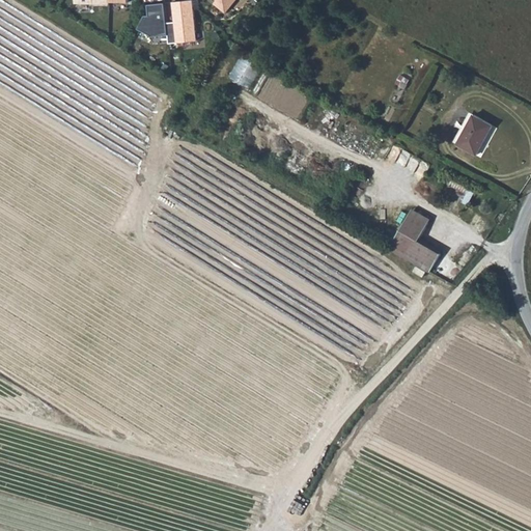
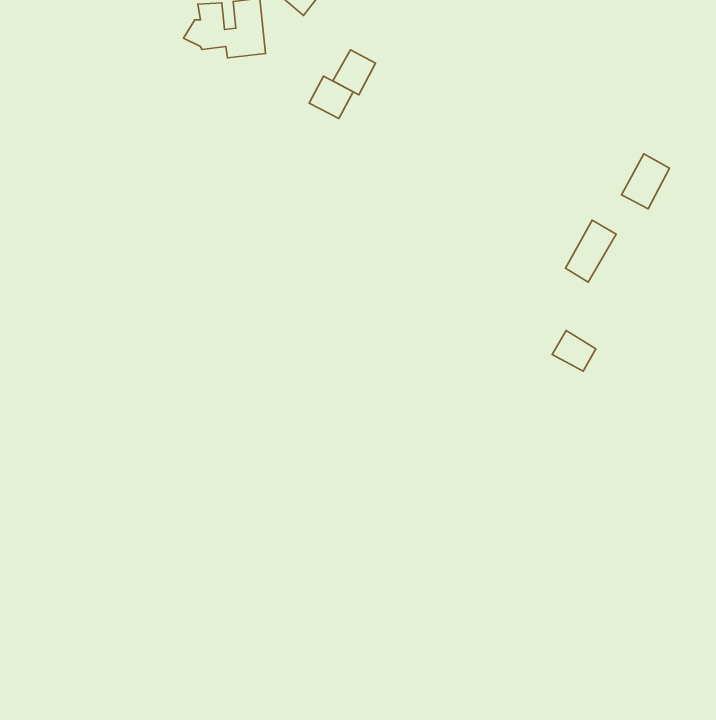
building: none -> [333,50,376,95]
building: [389,215,426,260] -> [565,220,616,282]

